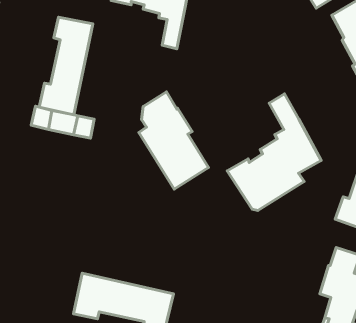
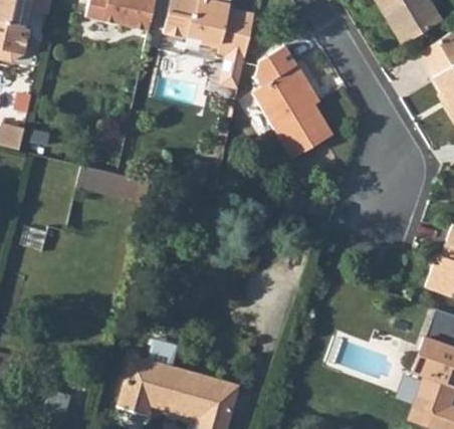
building: [39,17,93,115] -> none
building: [139,92,209,189] -> [255,48,336,162]
building: [227,94,321,210] -> none

